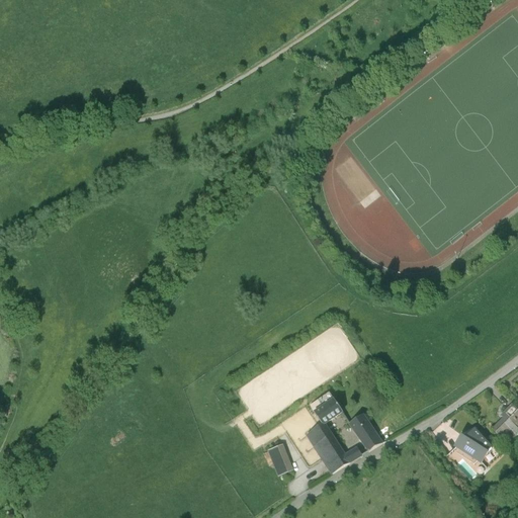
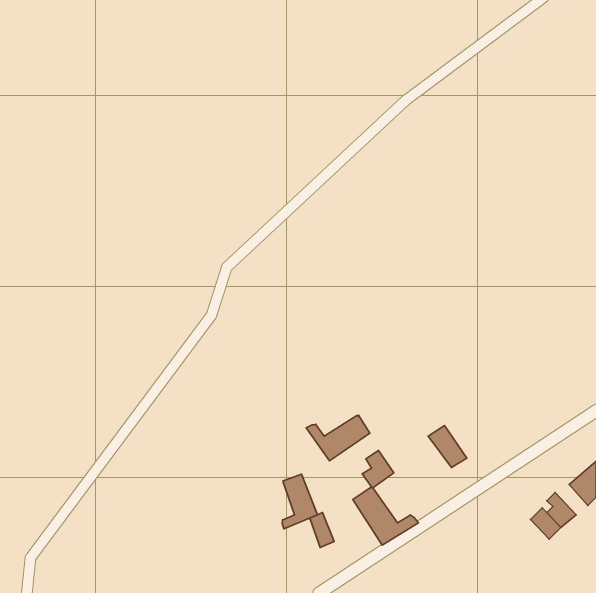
building: none -> [306,415,370,461]
building: none -> [282,474,318,529]
building: [348,413,381,449] -> [428,426,467,468]

